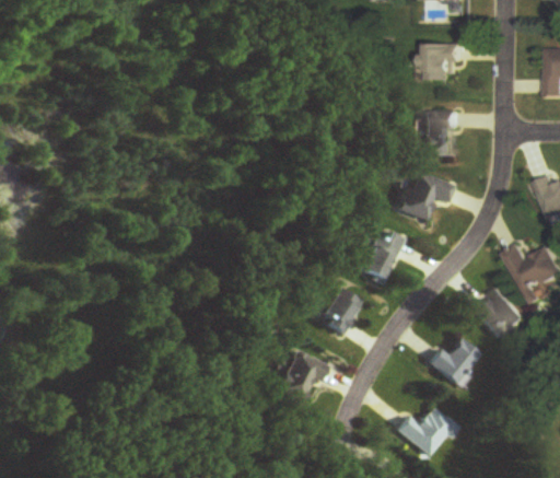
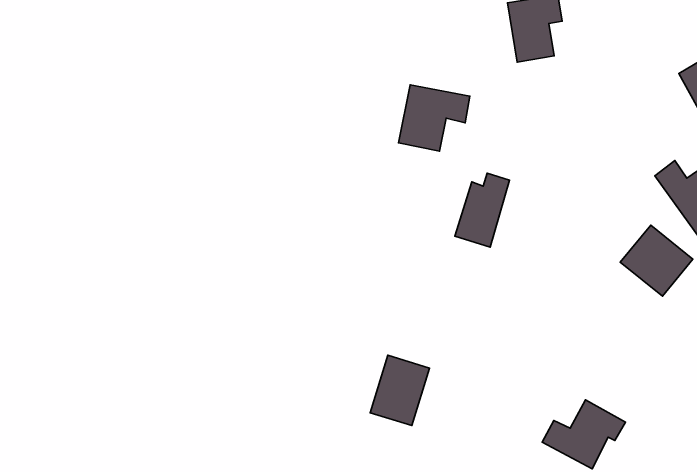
building: [395,170,452,221] -> [398,85,470,151]
building: [315,288,360,335] -> none
building: [427,339,478,385] -> none

